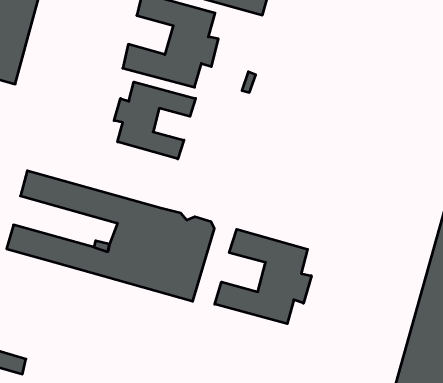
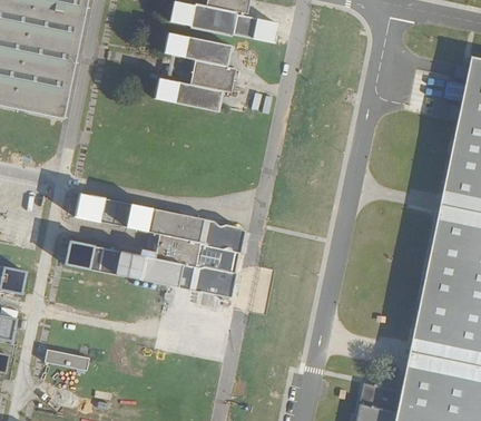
building: [114,82,196,159] -> none
building: [215,229,311,324] -> none

